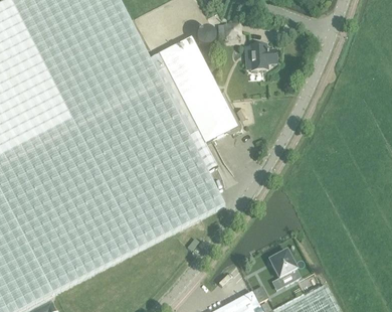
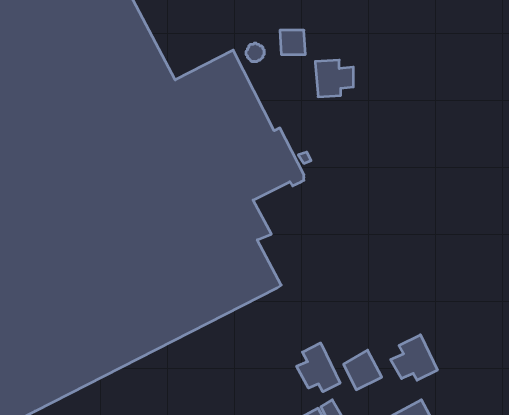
building: none -> [391,335,437,380]
building: none -> [297,343,340,392]

